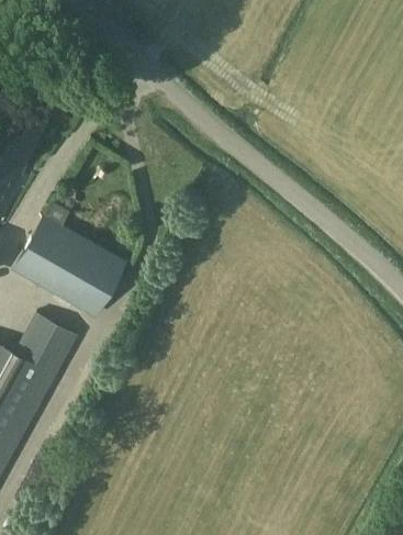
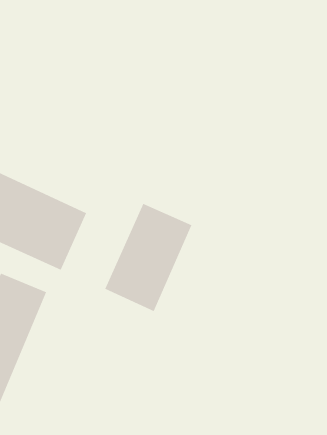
building: none -> [104,203,192,312]

